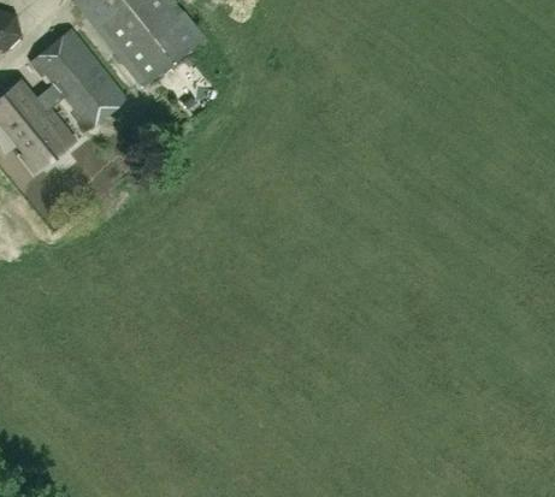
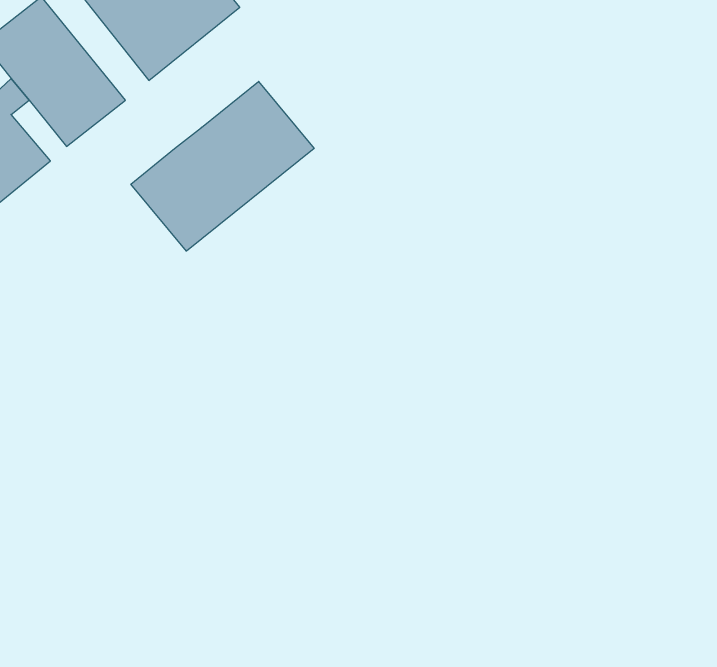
building: none -> [131,81,314,251]

